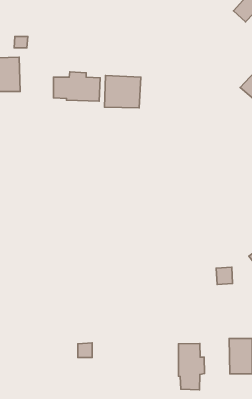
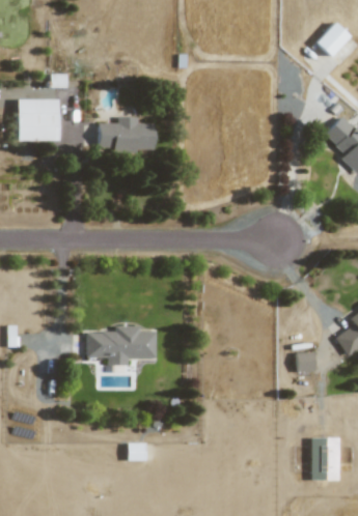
building: [105,75,141,108] -> none
building: none -> [87,325,157,365]
building: [179,343,204,390] -> none

